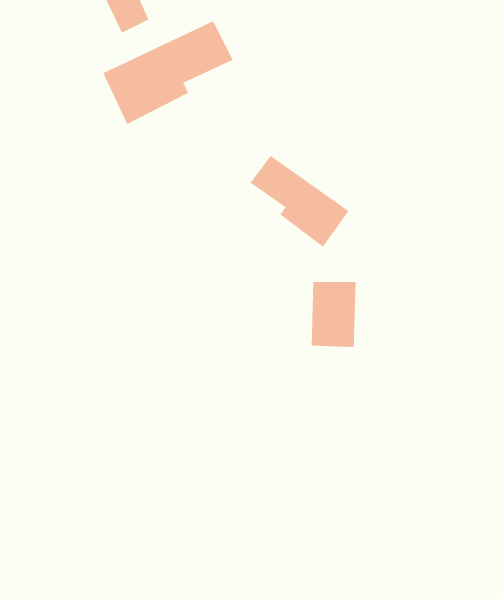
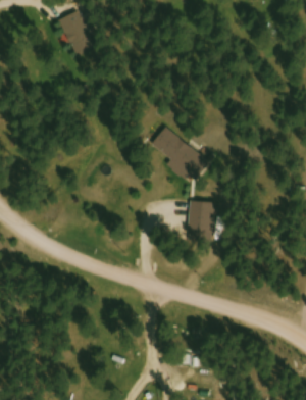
building: [102,20,234,125] -> none

